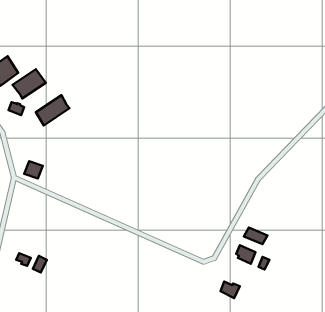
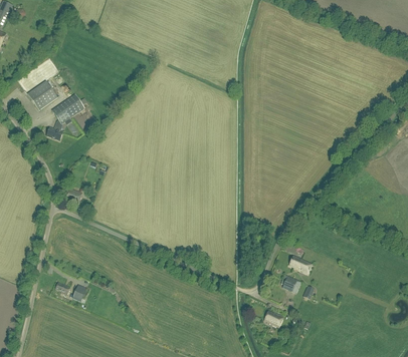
building: [36,95,69,125] -> none

